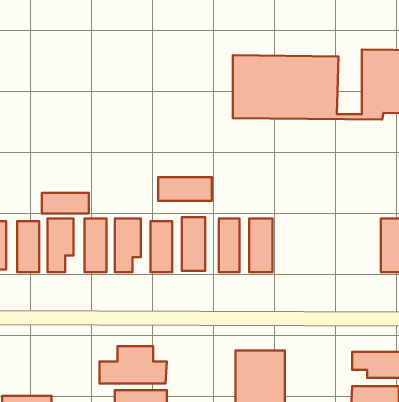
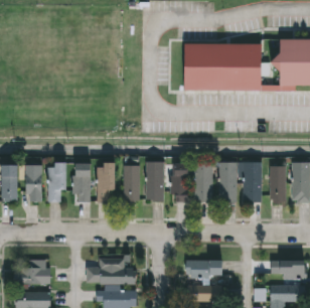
building: [158,177,212,201] -> none
building: [42,193,89,214] -> none
building: none -> [218,163,261,202]
building: none -> [270,166,285,204]
building: none -> [17,268,49,285]

